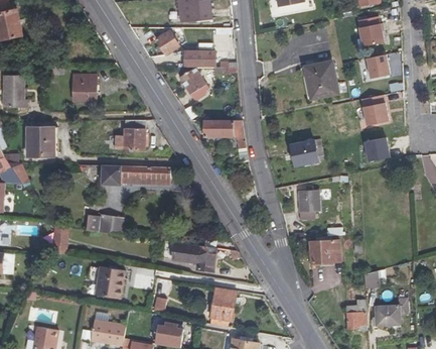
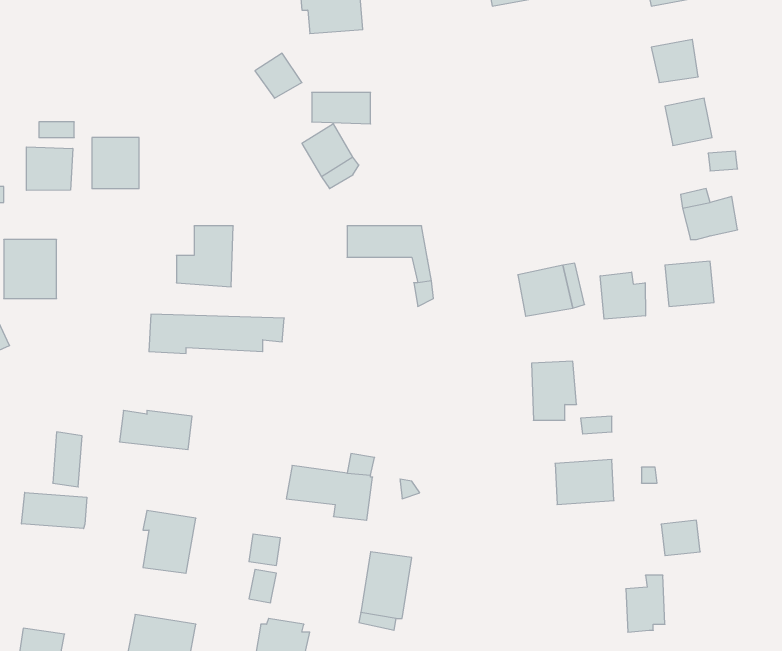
building: [303,61,338,99] -> none
building: none -> [26,147,73,190]
building: none -> [600,272,645,319]
building: none -> [22,492,87,529]
building: [375,298,408,325] -> none

